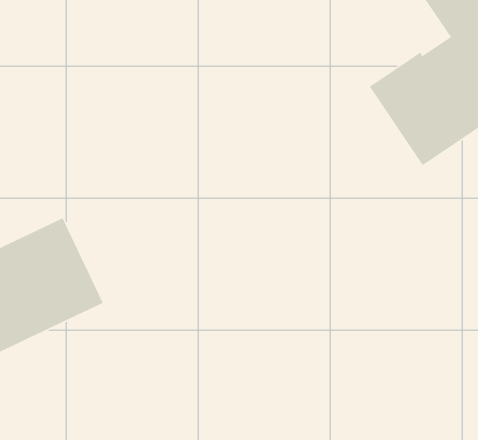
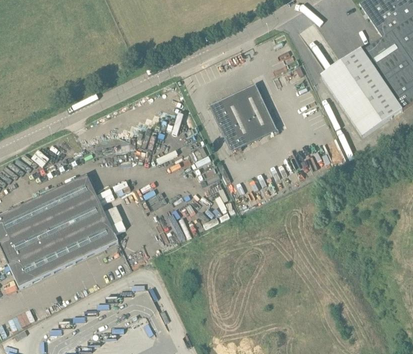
building: none -> [210,84,277,151]

